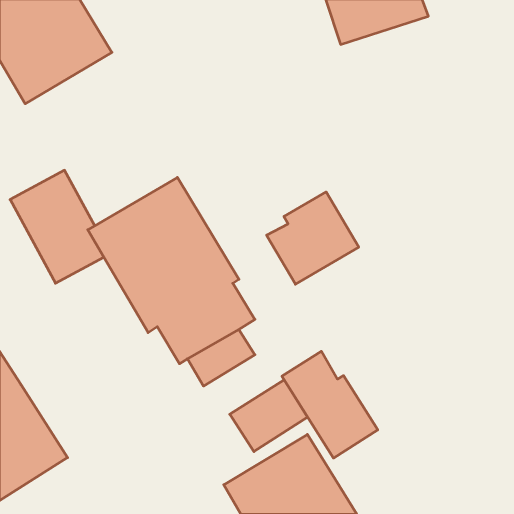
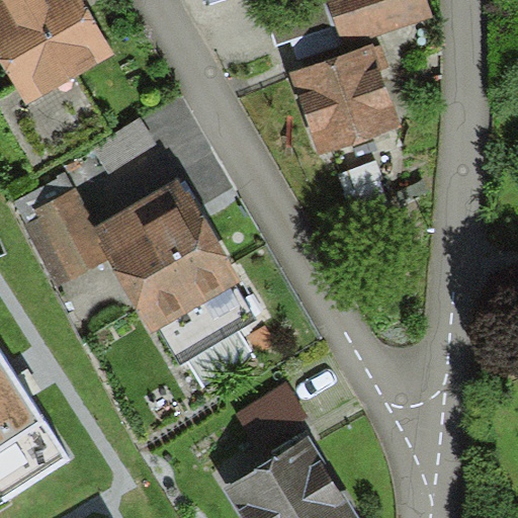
building: none -> [289,40,404,156]
building: [267,192,359,284] -> none
building: [282,351,378,458] -> none

